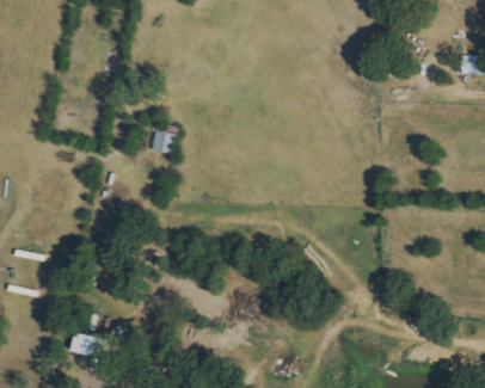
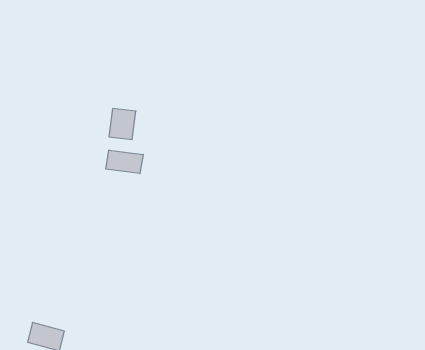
building: none -> [106,150,143,174]

